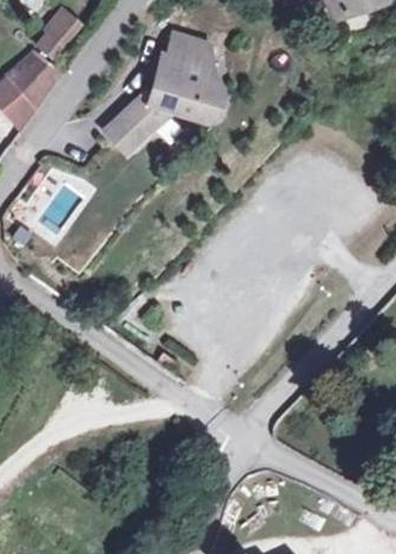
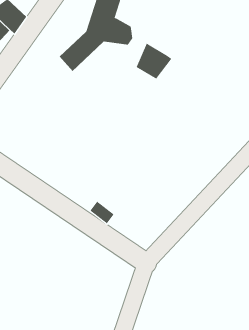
building: none -> [136,43,172,79]

